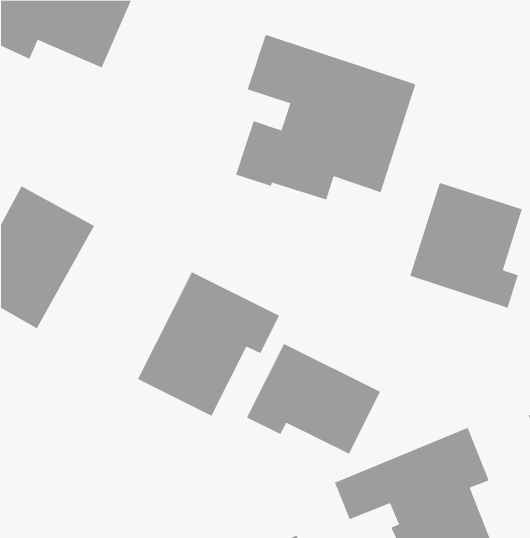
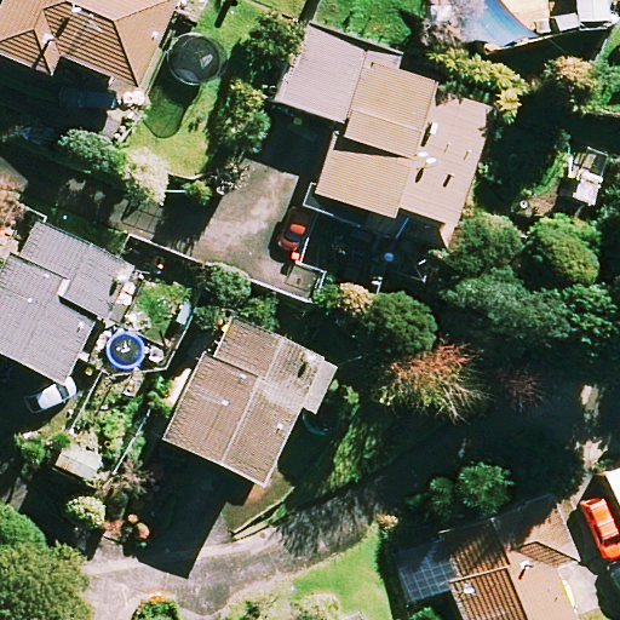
building: [410,182,523,308] -> none
building: [246,343,381,455] -> none

